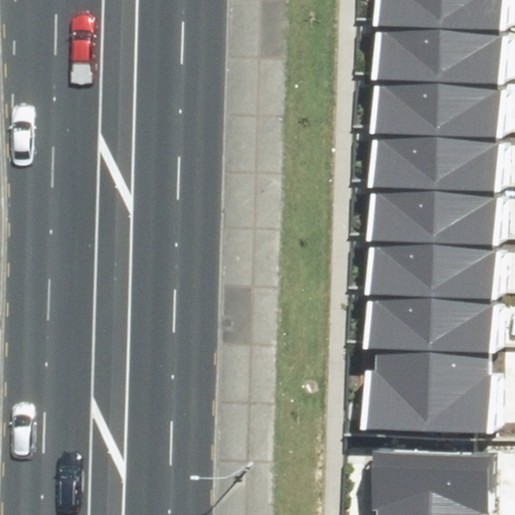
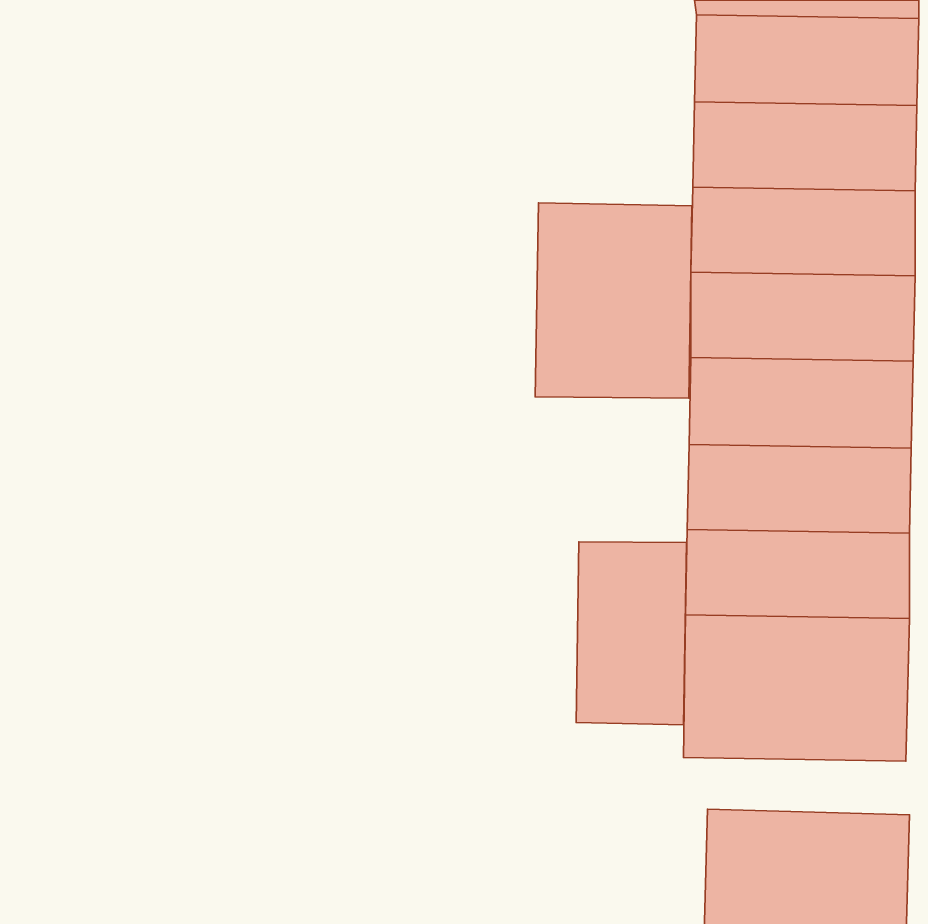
building: none -> [535,203,692,398]
building: none -> [576,542,687,725]

